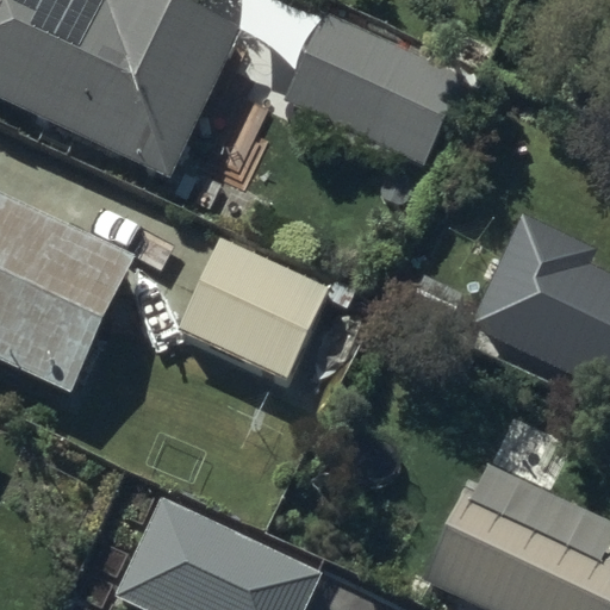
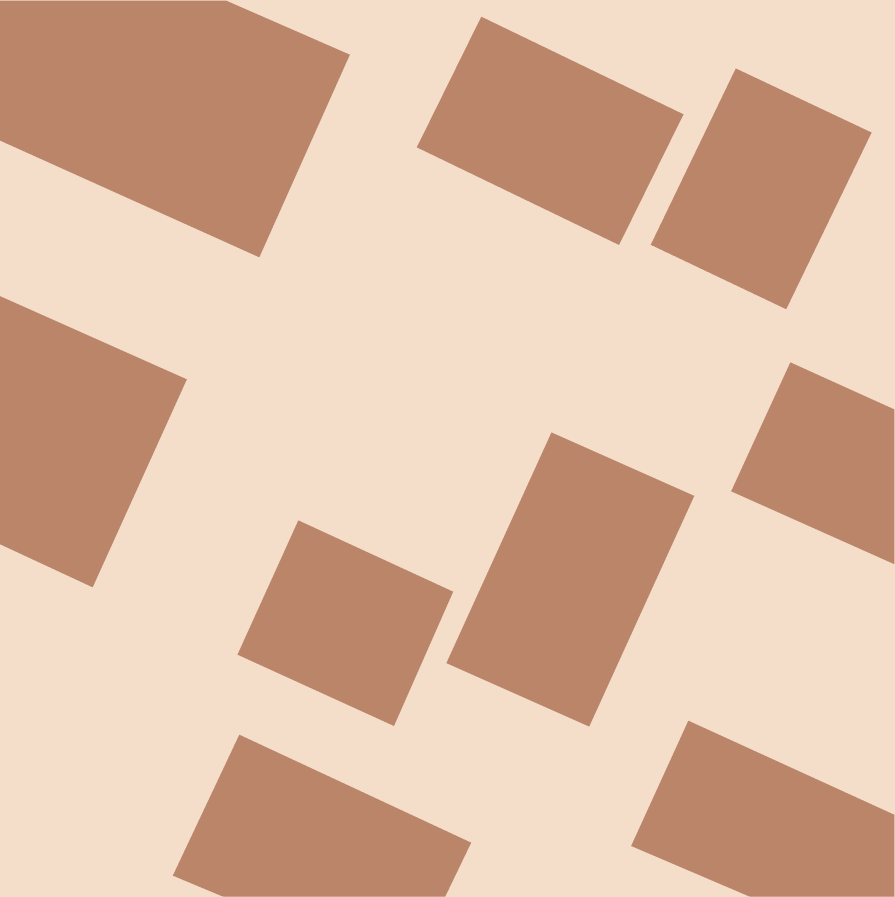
building: none -> [650,67,872,310]
building: [179,238,326,379] -> [237,520,454,727]
building: none -> [445,432,695,728]

